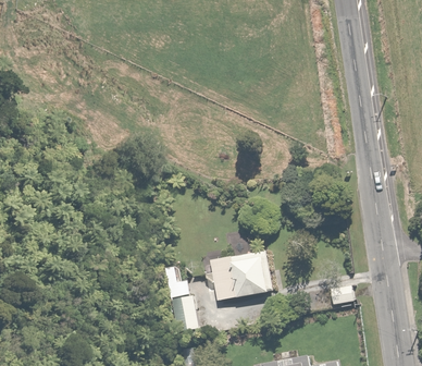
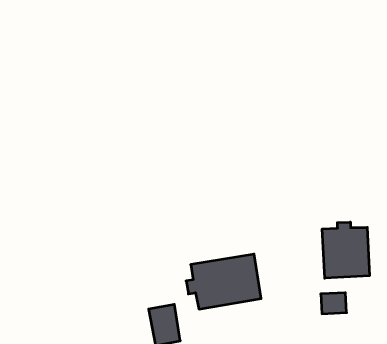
building: none -> [322,222,369,278]

